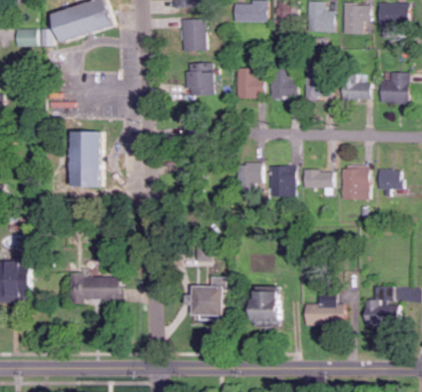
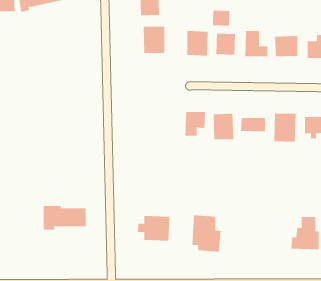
building: none -> [212,10,230,27]
building: [67,131,98,186] -> none
building: [303,295,344,325] -> none

